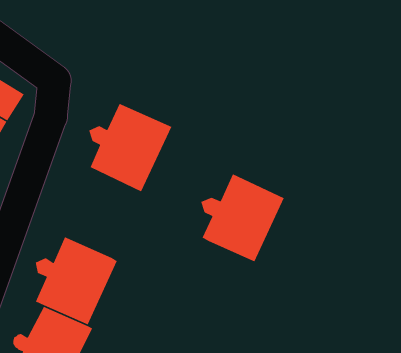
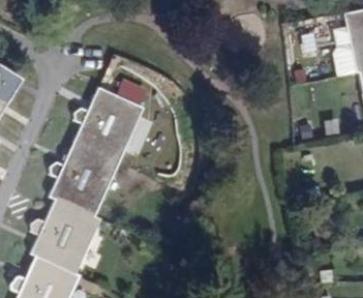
building: [200,173,285,263] -> [50,143,120,217]

